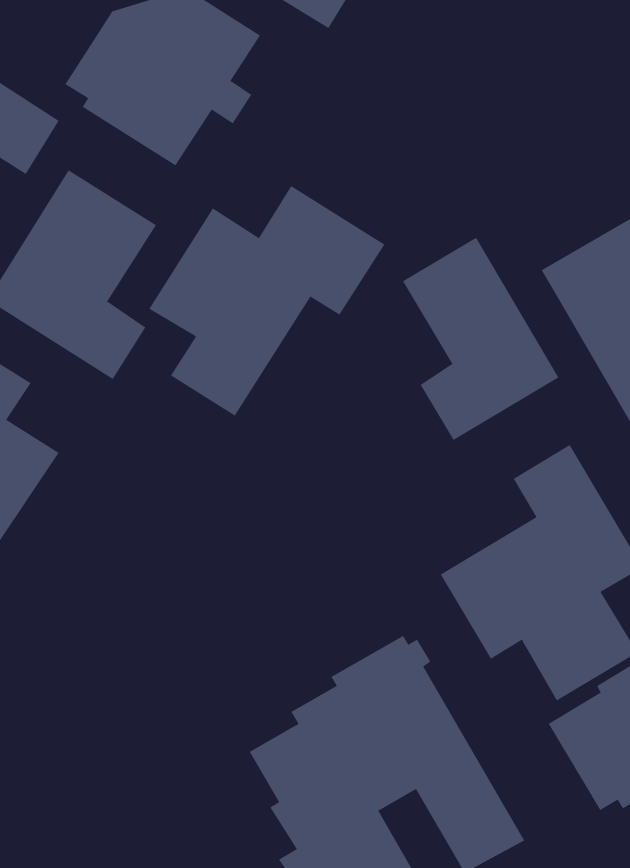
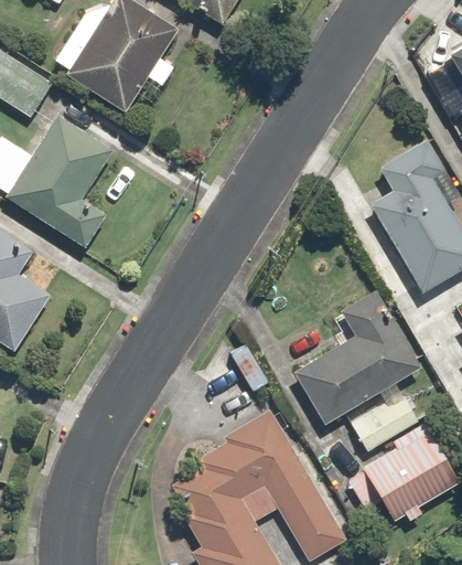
building: [149,185,385,417] -> none
building: [402,237,559,441] -> none

